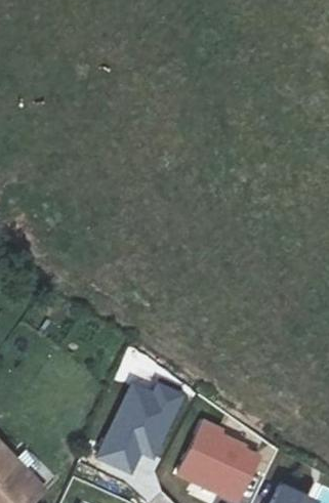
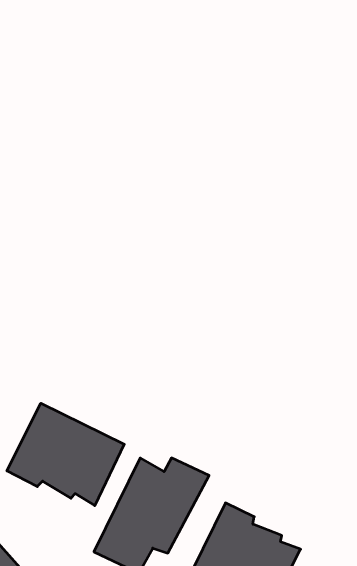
building: none -> [7,403,124,506]

